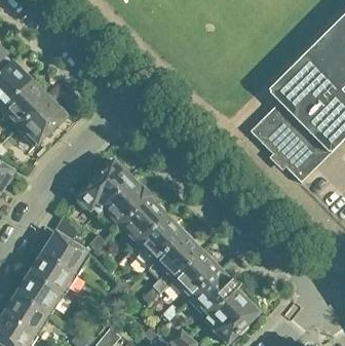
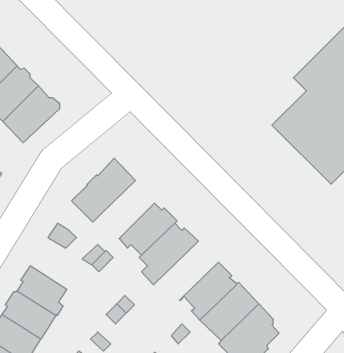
building: [102,179,150,229] -> none
building: [142,231,203,304] -> none
building: [40,232,85,273] -> none

